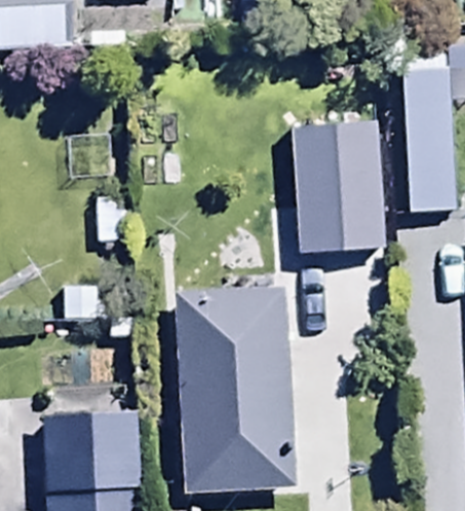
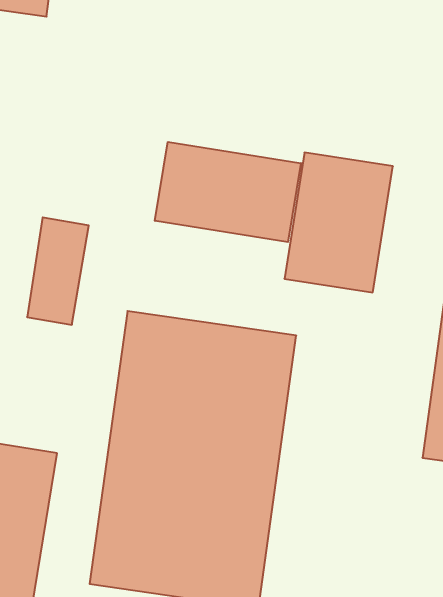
building: none -> [155,142,301,242]

